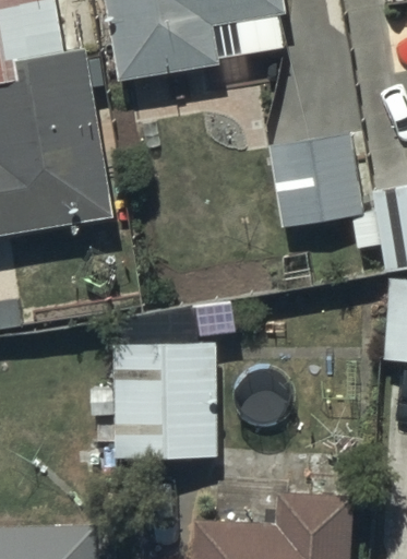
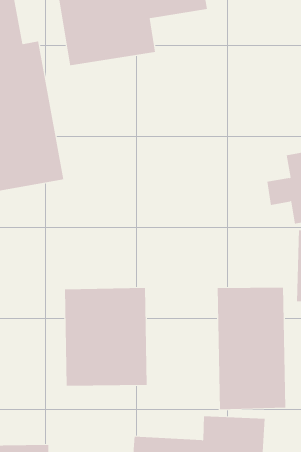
building: [267,132,366,226] -> none
building: none -> [217,287,286,410]

